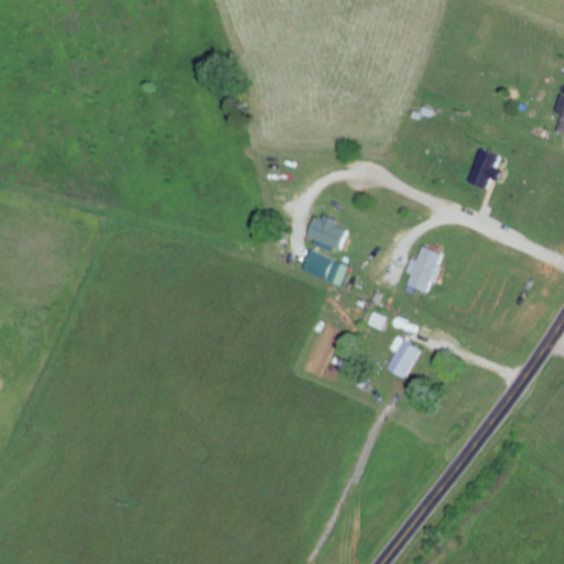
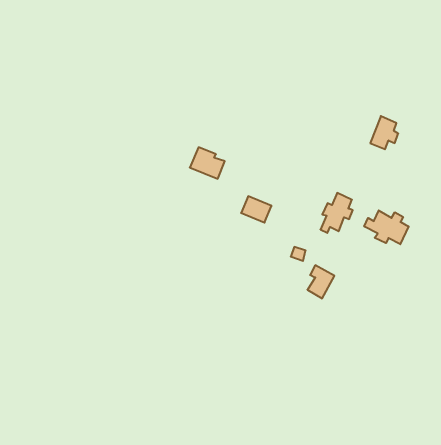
building: [305,213,349,252] -> [190,147,225,179]
building: none -> [364,210,409,244]

